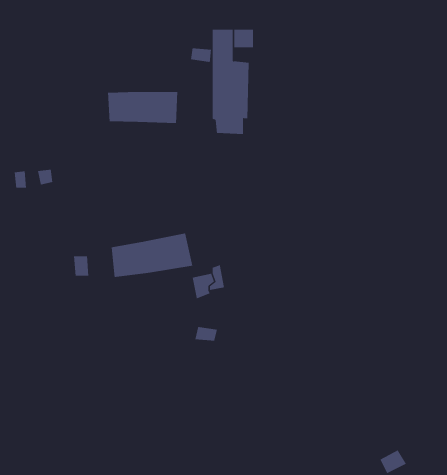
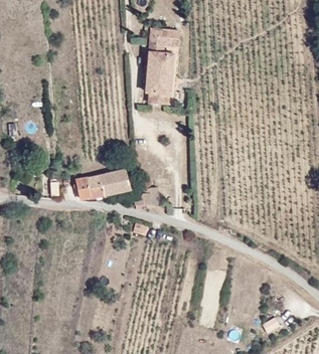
building: [107,91,178,124] -> none

